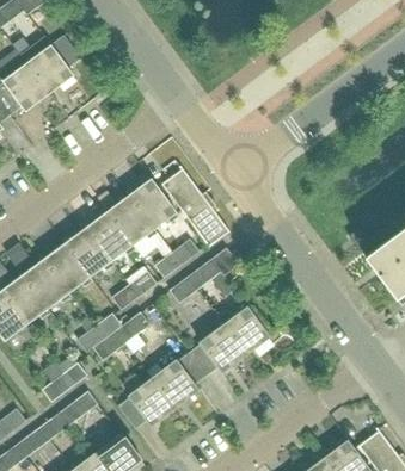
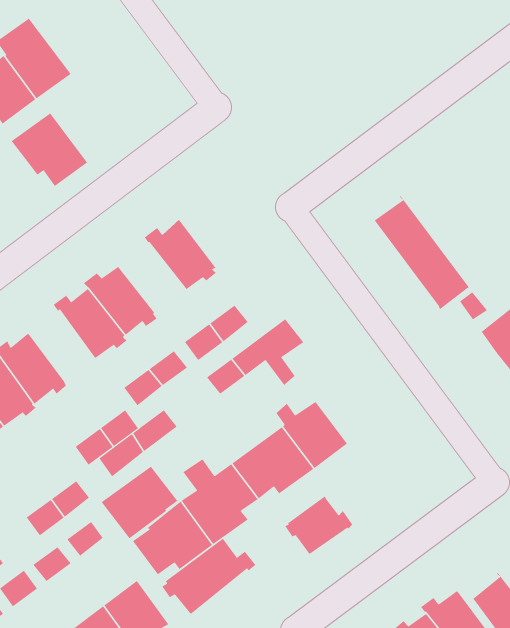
building: none -> [11,112,88,187]
building: [161,166,229,247] -> [374,195,470,310]
building: [104,194,157,244] -> none
building: [41,242,92,292] -> none
building: none -> [101,466,178,539]
building: none -> [285,496,353,555]
building: none -> [162,538,256,615]

